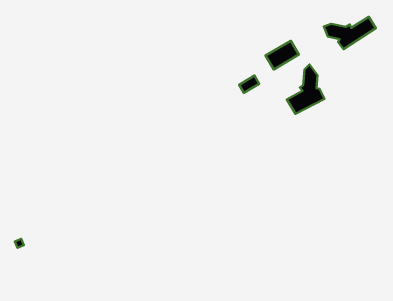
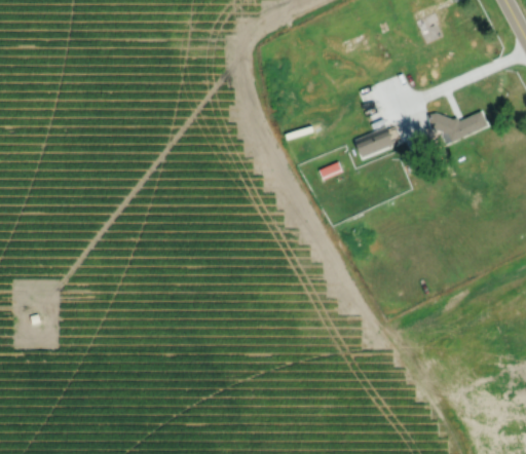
building: [287,64,325,114] -> none

